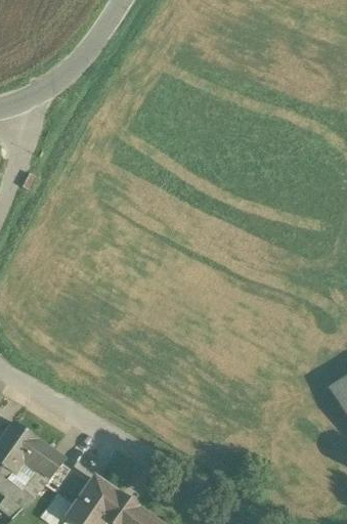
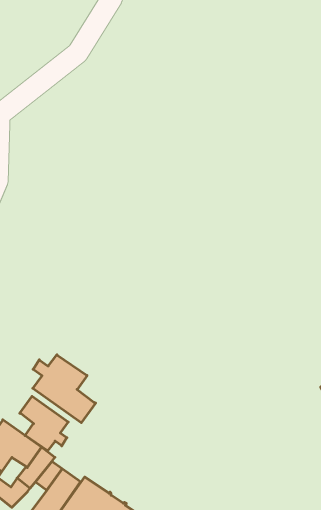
building: none -> [33,355,96,423]
building: none -> [20,396,68,451]

